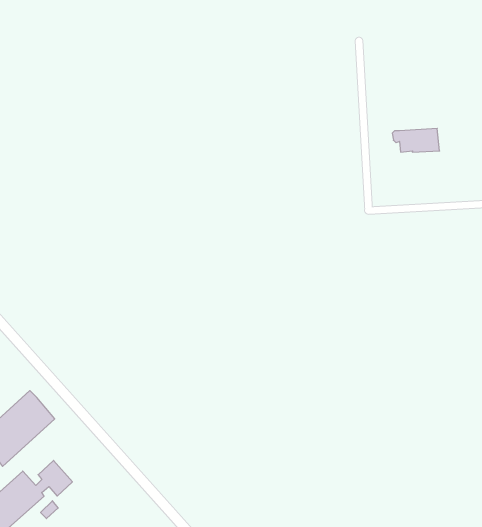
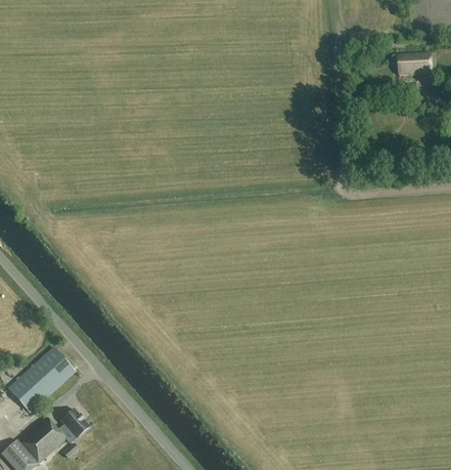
building: [392,128,440,152] -> [391,53,432,74]

